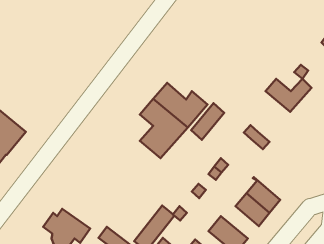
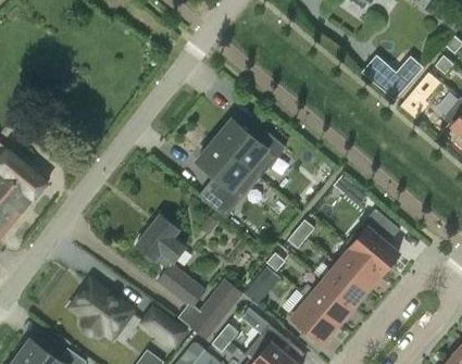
building: [265,79,312,112] -> [362,54,423,98]
building: [191,103,224,140] -> none
building: none -> [136,214,204,307]
building: none -> [347,223,399,272]
building: none -> [303,280,353,323]

